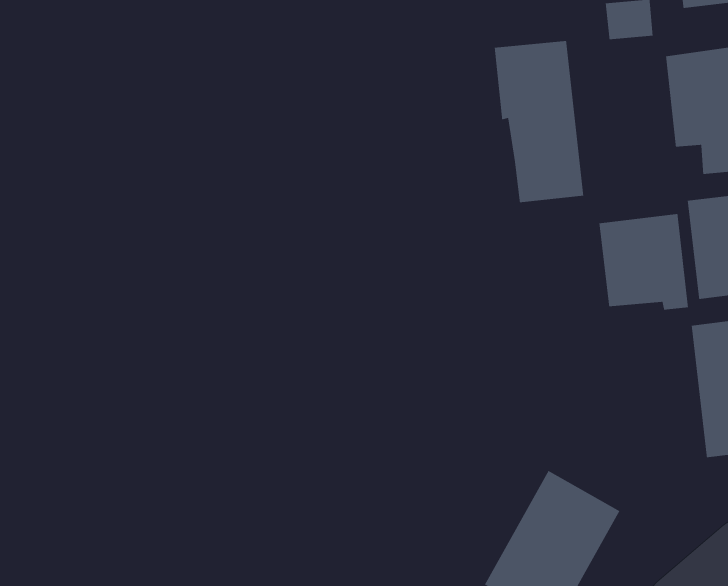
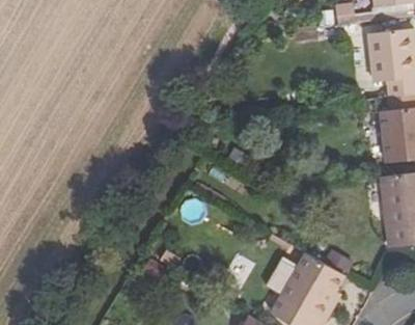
building: [494,40,584,203] -> none
building: [598,213,689,310] -> none

